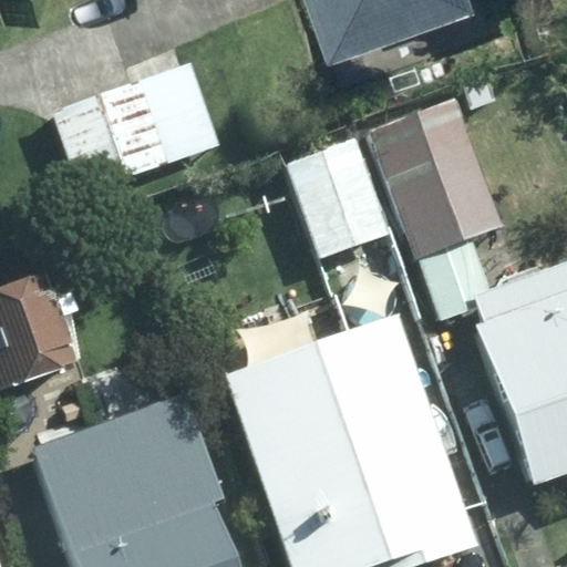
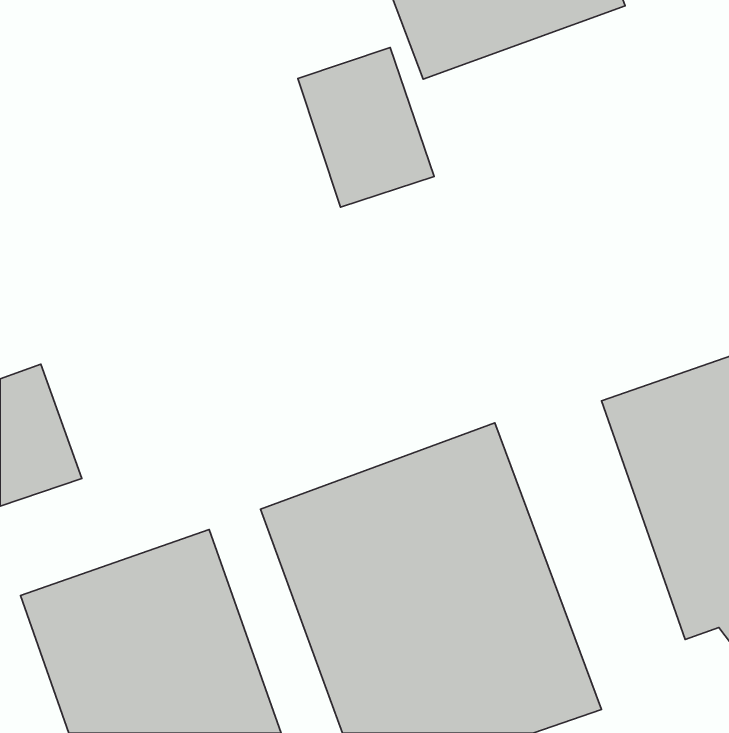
building: [58,54,231,198] -> none
building: [370,100,503,258] -> none
building: [288,138,391,259] -> [298,48,434,207]

